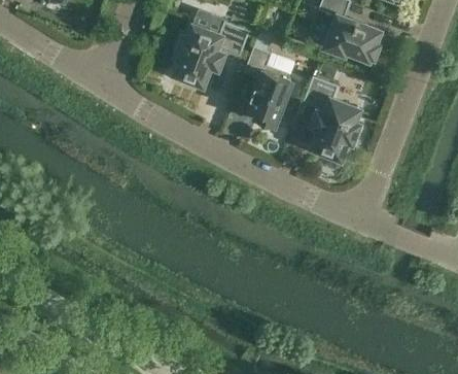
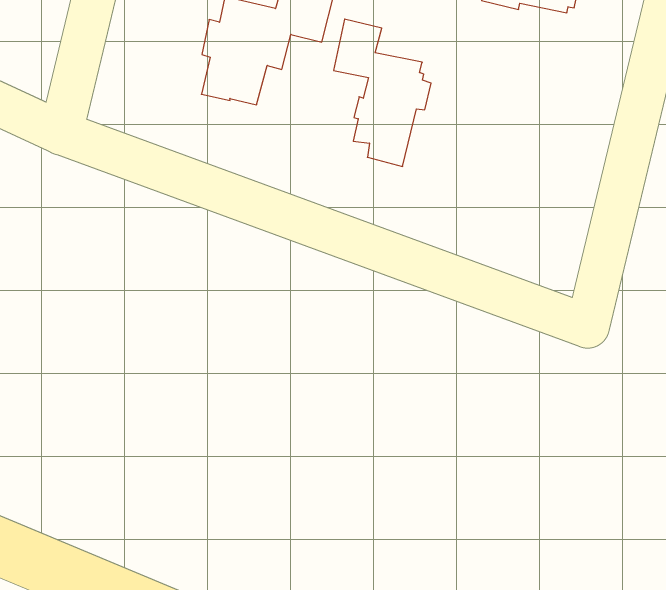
building: [303,76,358,160] -> none

